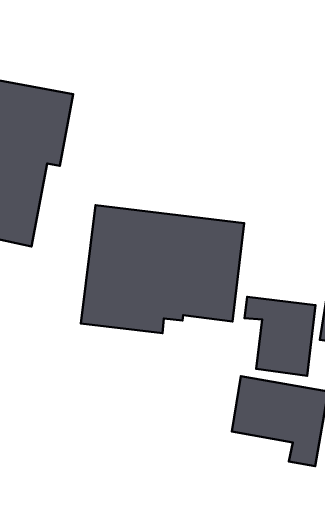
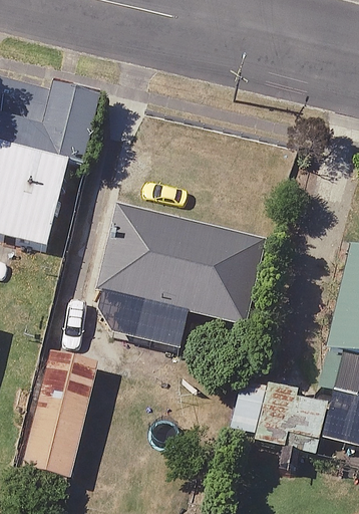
building: [245,297,315,376] -> none
building: none -> [23,356,96,476]

